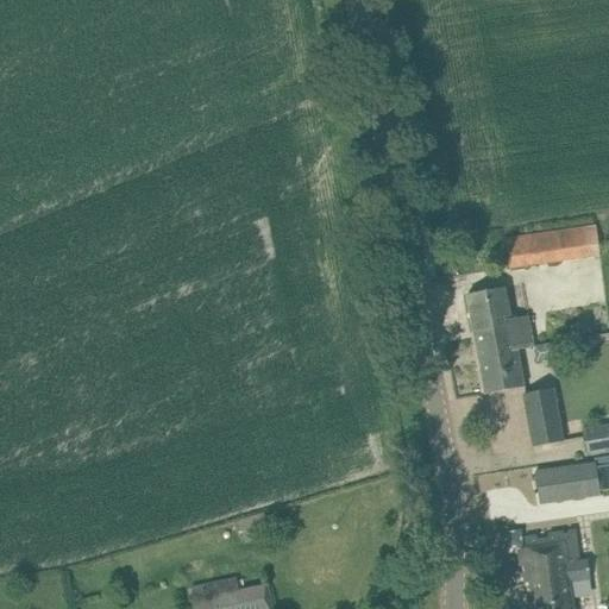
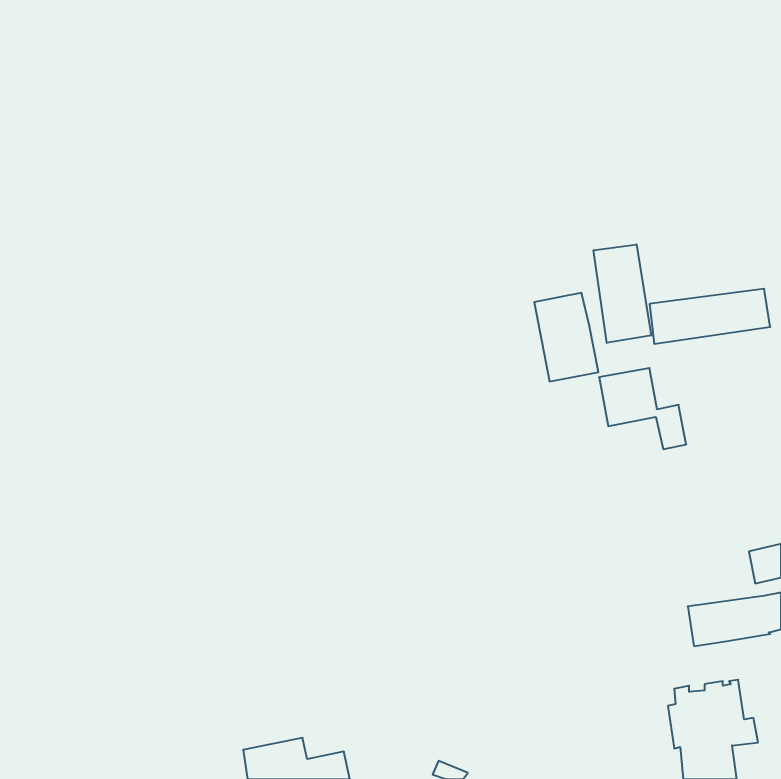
building: none -> [593,244,651,343]
building: [473,325,523,394] -> [534,293,598,381]
building: [523,388,561,446] -> none

